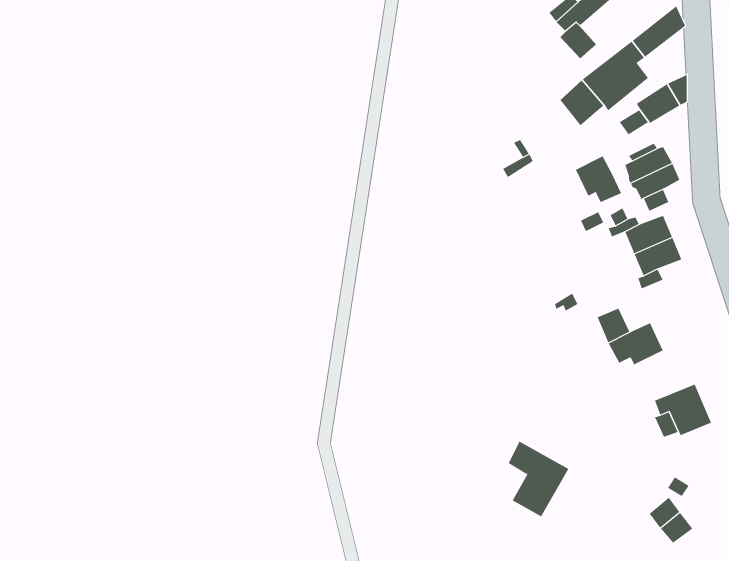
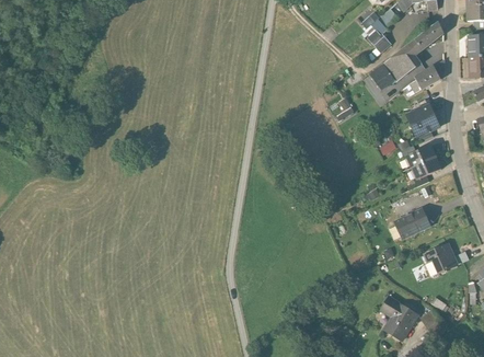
building: [575,155,622,203] -> none
building: [508,441,569,517] -> [382,297,418,342]

